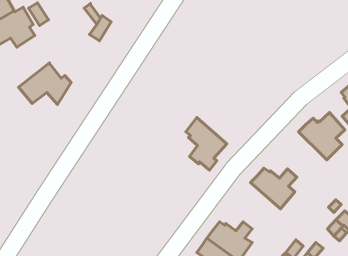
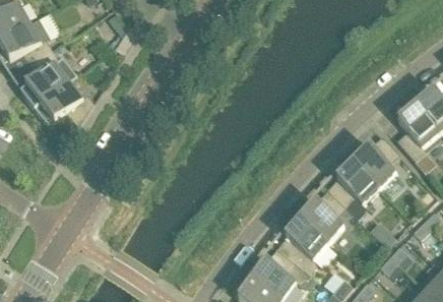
building: none -> [18,49,76,107]
building: [186,117,227,170] -> [280,214,326,273]
building: none -> [332,157,378,217]

